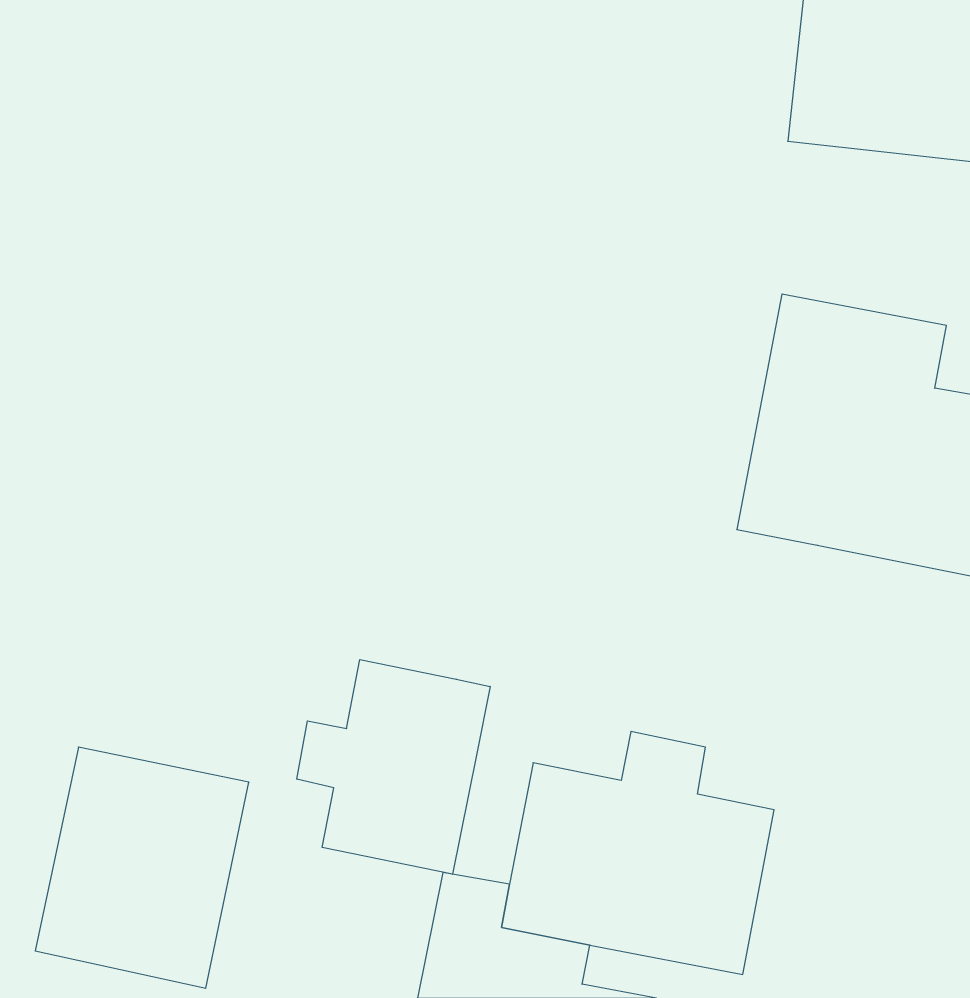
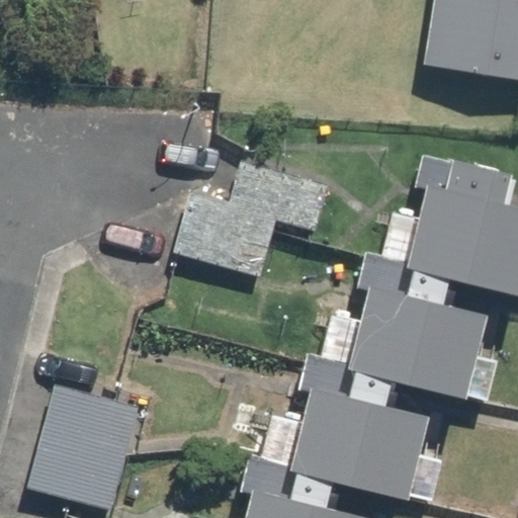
building: none -> [183,153,337,273]
building: none -> [342,267,474,401]
building: [297,660,490,874] -> none

